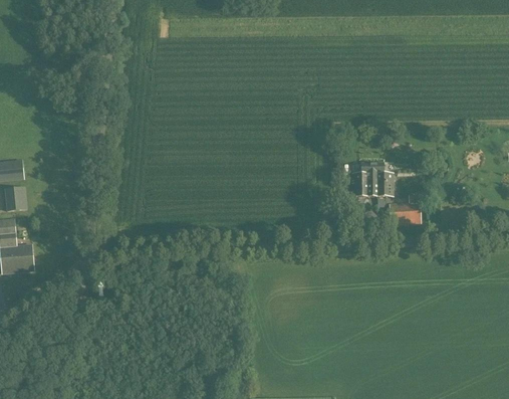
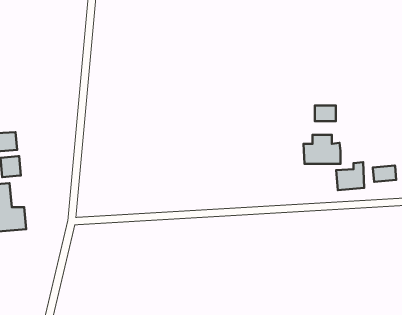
building: none -> [315,105,336,121]
building: none -> [373,166,396,182]

